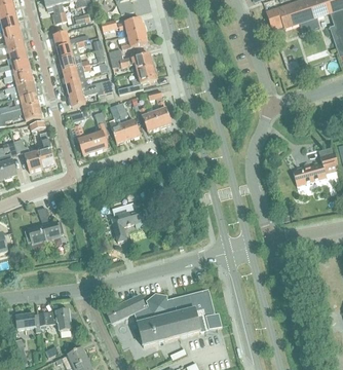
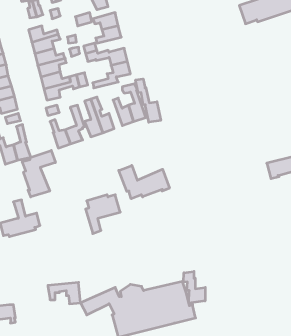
building: none -> [136,79,161,122]
building: none -> [22,150,55,197]
building: none -> [119,165,169,199]
building: none -> [184,271,205,303]
building: [38,308,71,330] -> [48,282,81,304]

